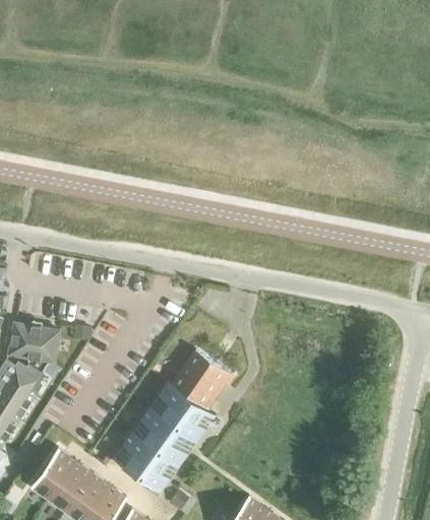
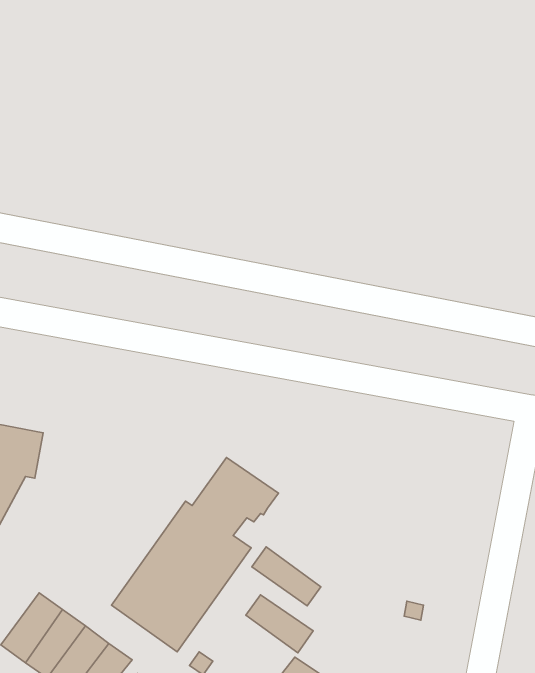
building: none -> [252,547,321,606]
building: none -> [246,595,313,653]

